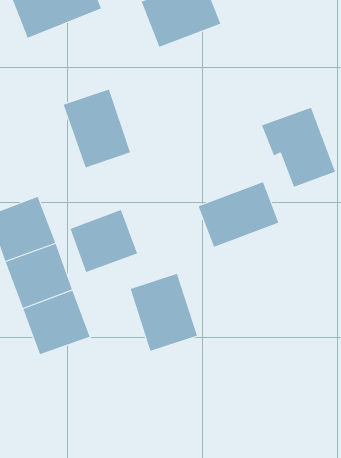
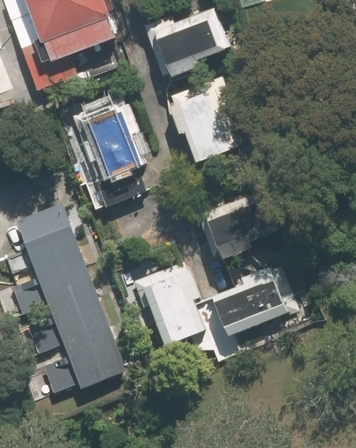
building: [261,107,336,188] -> [170,89,237,161]
building: [70,209,138,273] -> none
building: none -> [213,275,288,334]
building: none -> [62,330,124,388]

